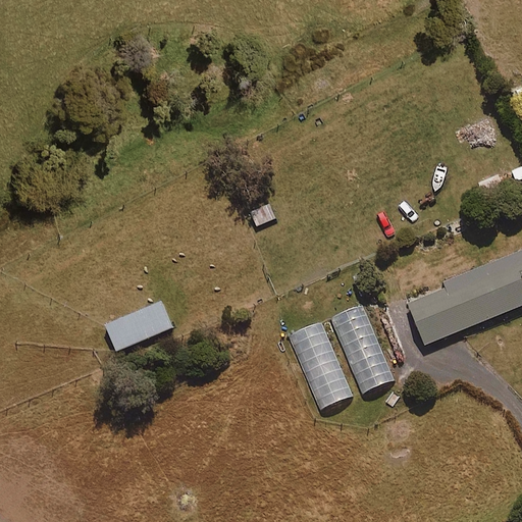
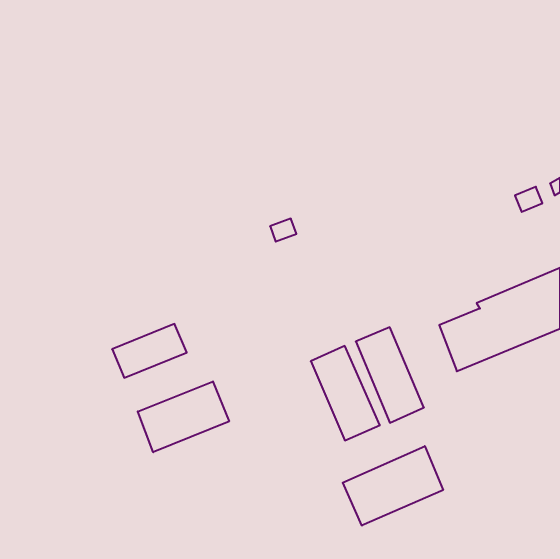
building: none -> [138,381,229,452]
building: none -> [343,446,443,526]

